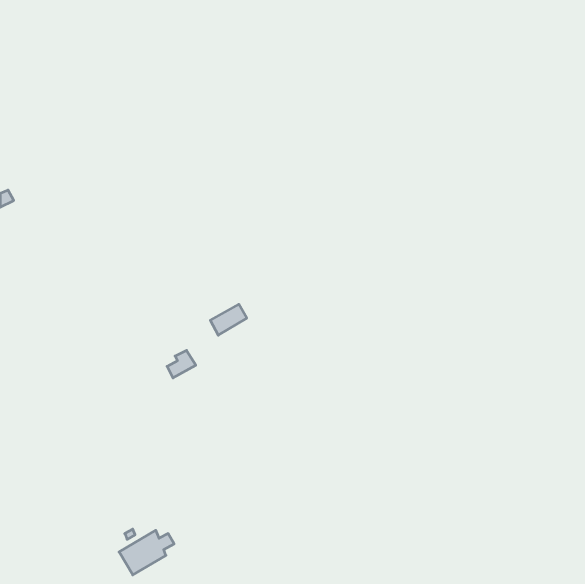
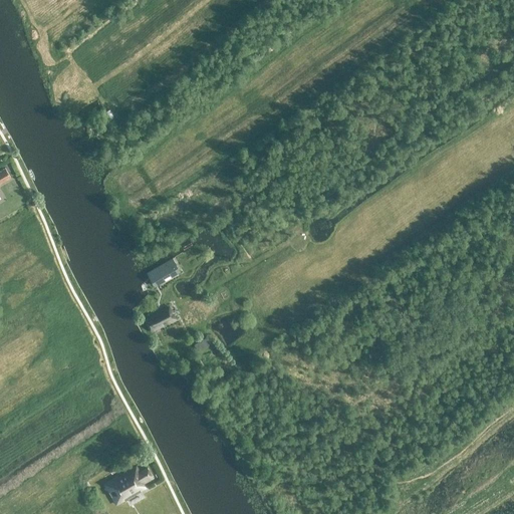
building: [210,304,247,335] -> [147,258,179,285]

